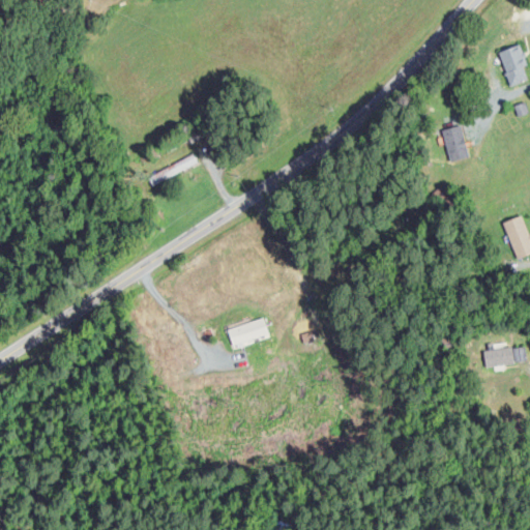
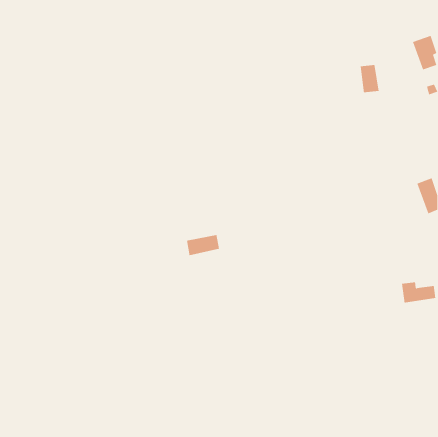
building: [444,126,468,160] -> [360,65,379,93]
building: [229,320,269,346] -> [186,234,220,256]

